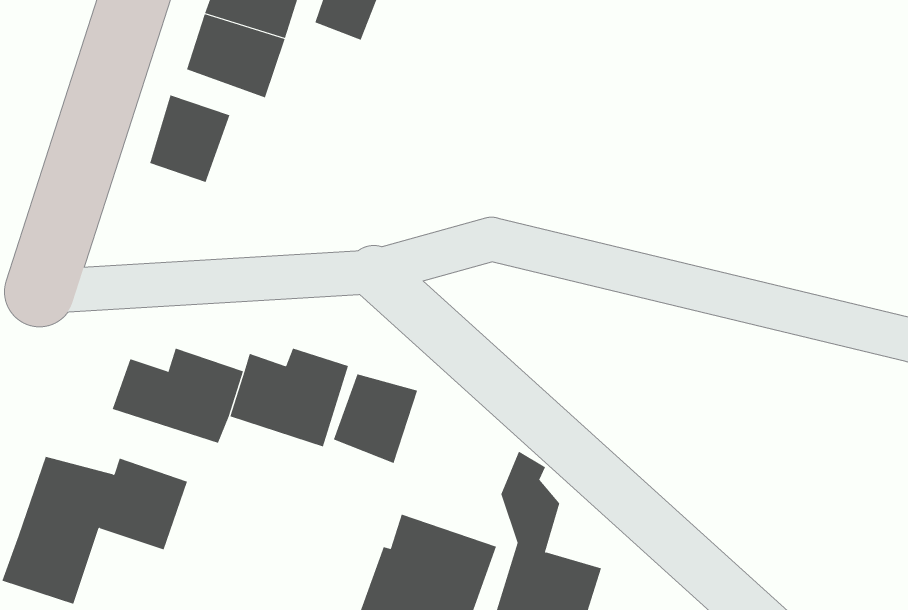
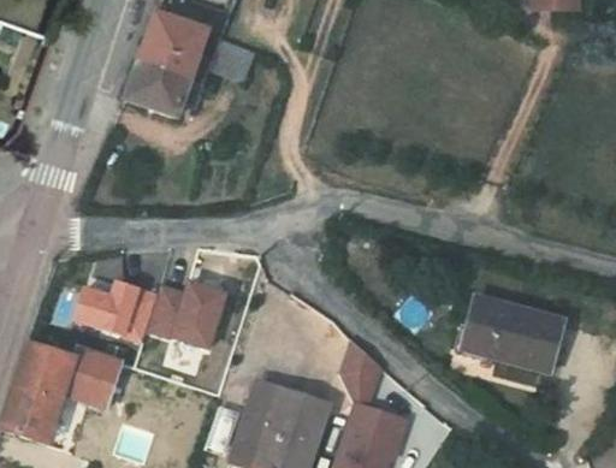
building: [150,95,230,183] -> none
building: [333,374,418,464] -> none
building: none -> [456,300,558,377]

